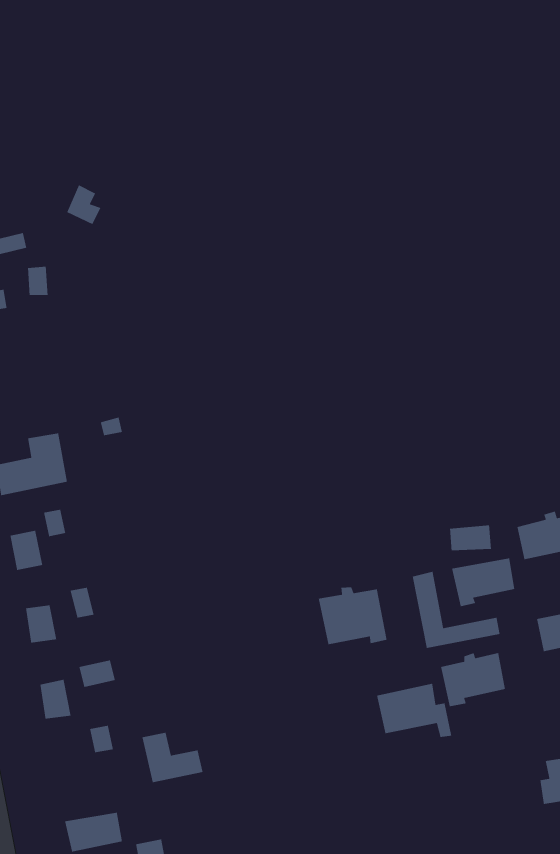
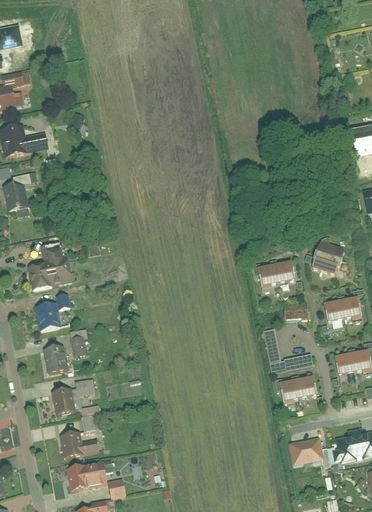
building: none -> [312,245,343,275]
building: [451,558,515,607] -> [258,262,294,290]
building: [318,586,388,645] -> none
building: [376,683,452,738] -> [289,435,332,466]
building: [141,732,203,783] -> [61,431,96,460]

